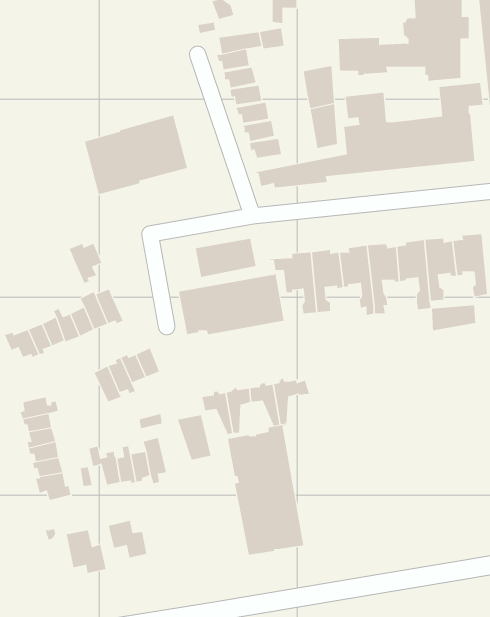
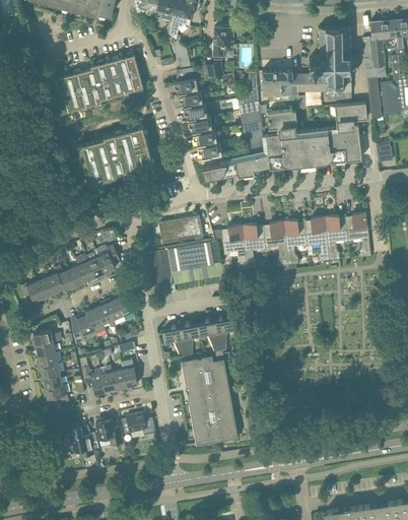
building: none -> [53,55,143,114]
building: [69,243,102,284] -> [95,246,120,275]
building: [432,304,476,331] -> none
building: none -> [73,313,95,343]
building: [177,414,211,461] -> none
building: none -> [122,412,155,435]

